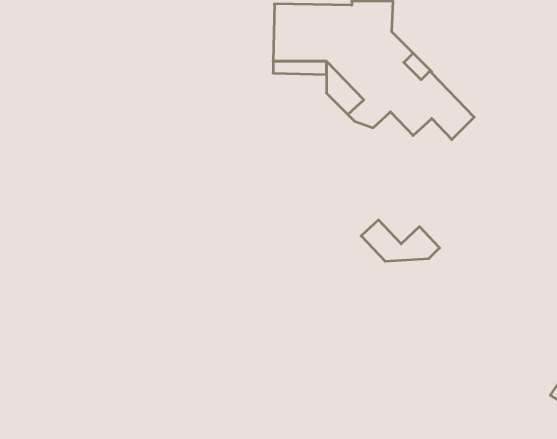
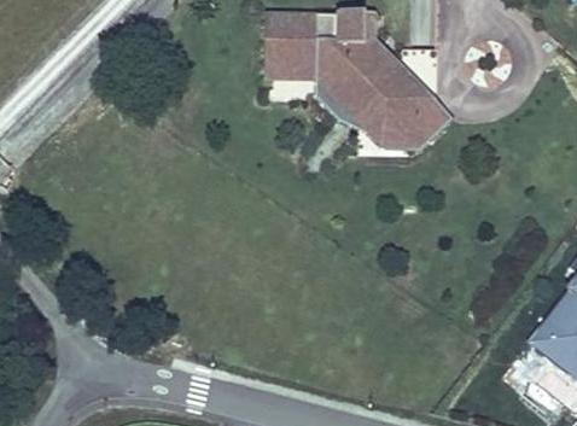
building: [361,220,440,261] -> [356,110,427,147]

